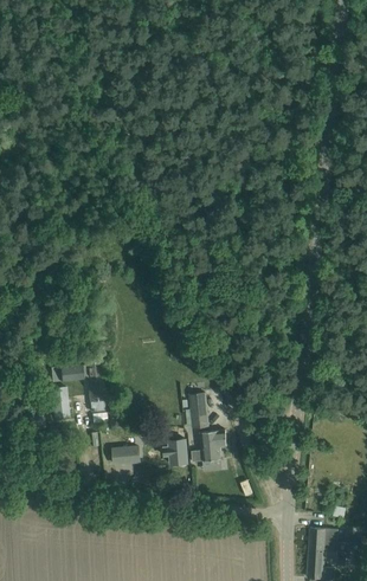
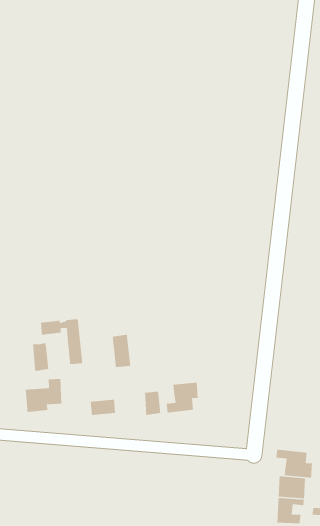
building: [188,392,208,427] -> [112,334,131,368]
building: none -> [25,378,62,413]
building: none -> [276,449,313,478]

